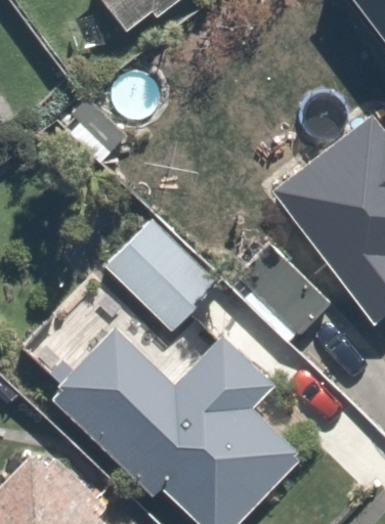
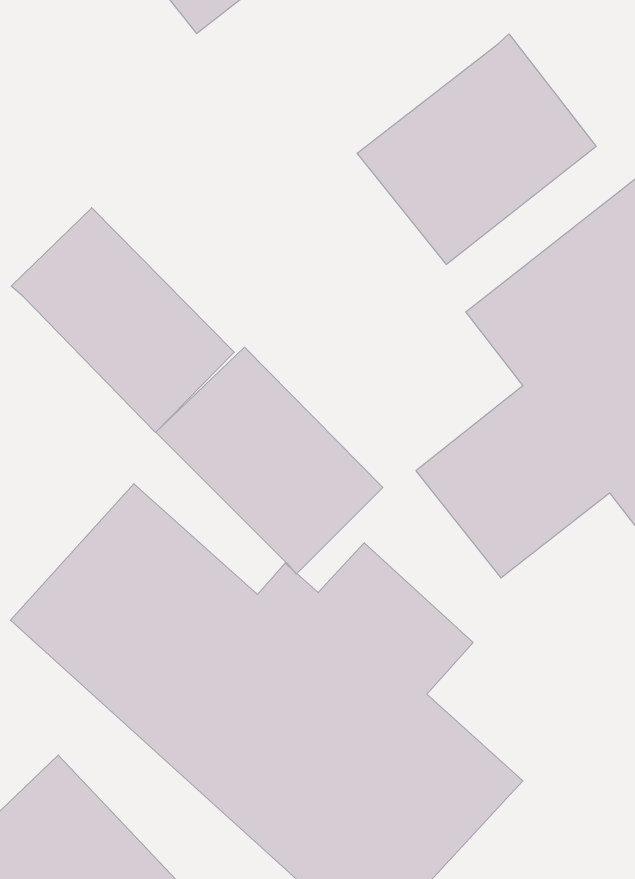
building: none -> [357,34,596,264]
building: none -> [11,208,234,432]

